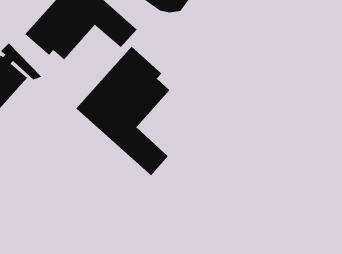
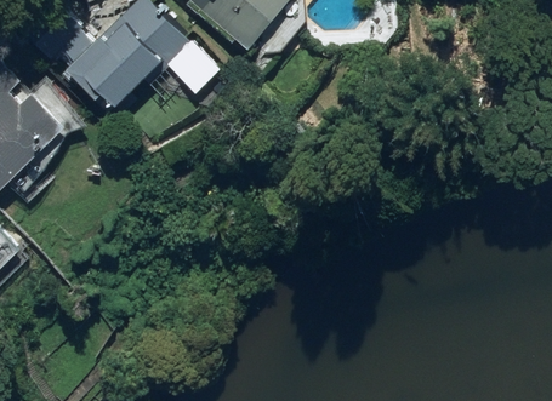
building: [75,46,170,176] -> none

